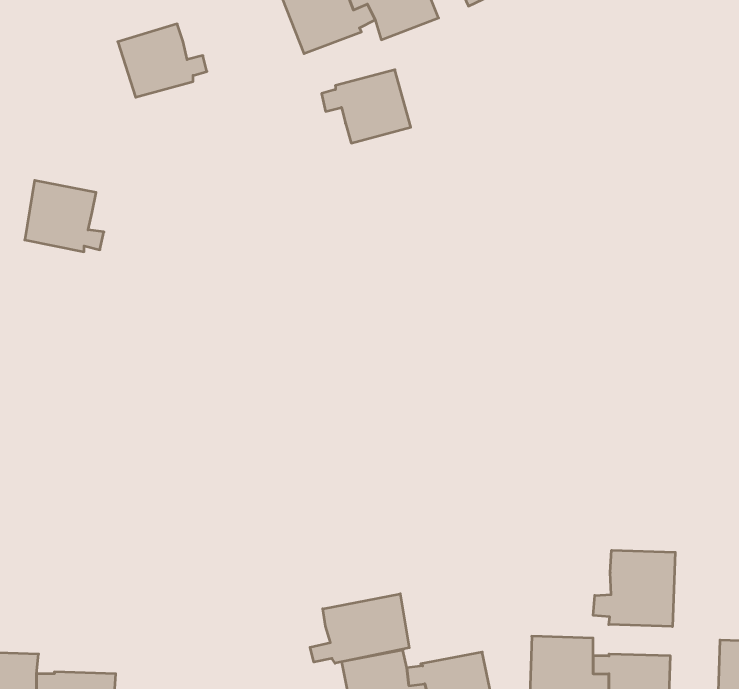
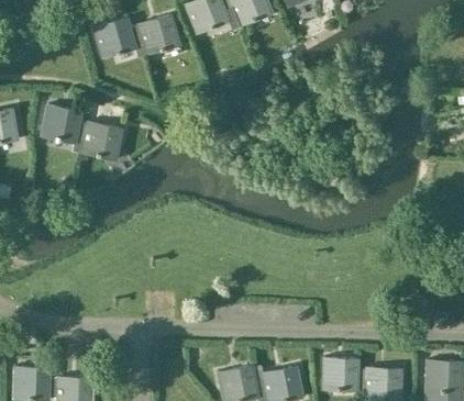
building: [322,70,411,143] -> [131,14,180,55]
building: none -> [78,121,122,160]
building: [593,550,675,627] -> none
building: [310,594,409,663] -> none

